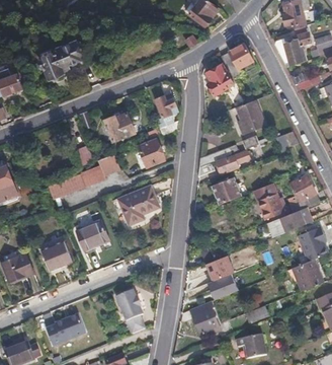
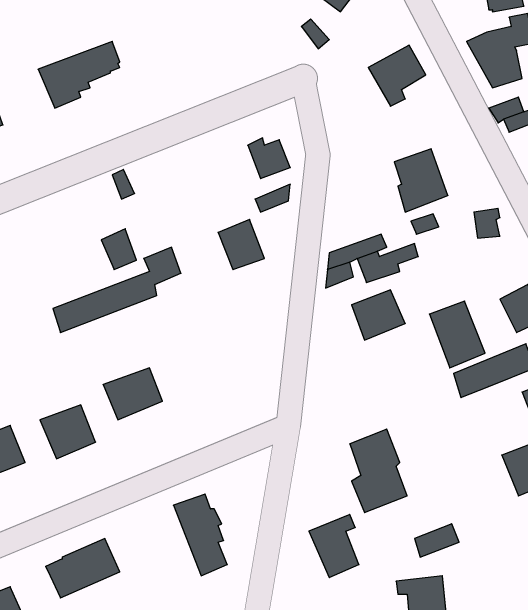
building: [205,64,232,95] -> none
building: [104,112,135,141] -> none
building: [117,186,158,223] -> none

